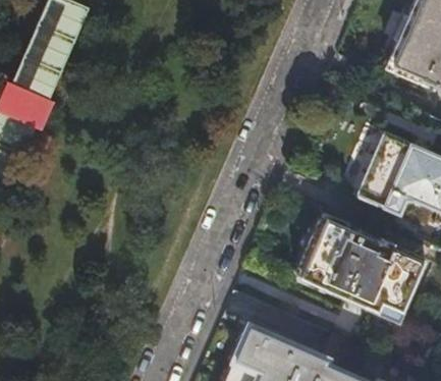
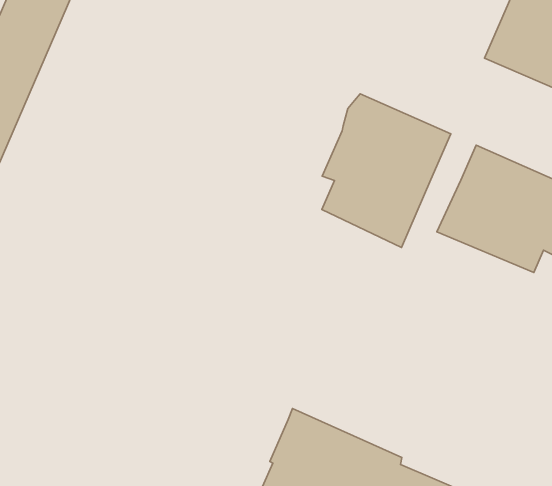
building: none -> [322,94,451,247]
building: [294,213,425,321] -> none

